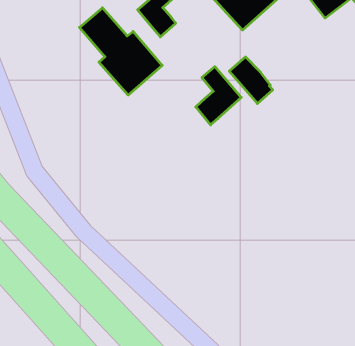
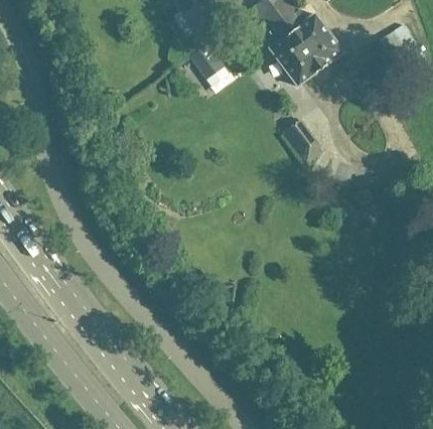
building: [79,8,162,95] -> none
building: [196,67,241,125] -> none

